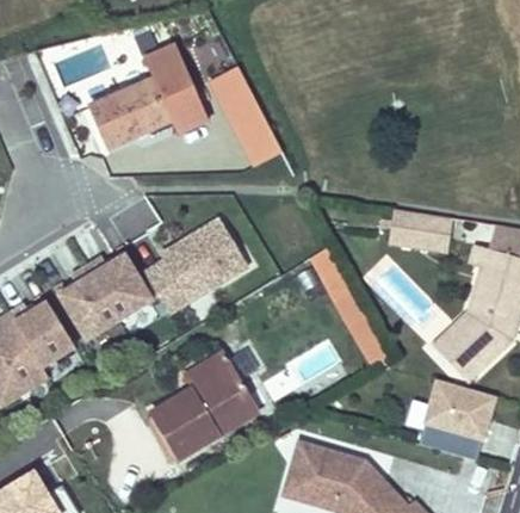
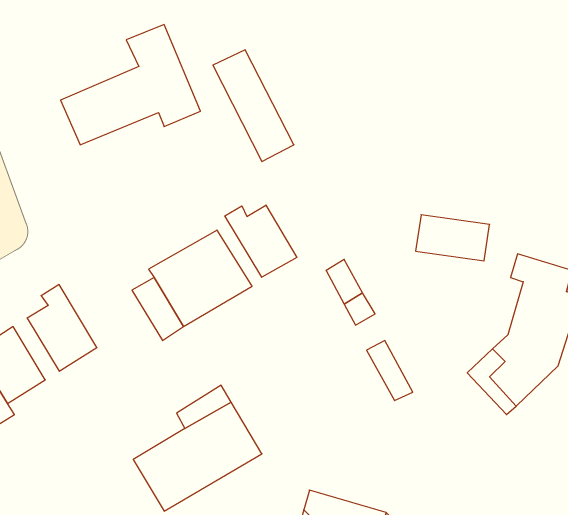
building: none -> [225,205,297,277]
building: [85,256,150,321] -> none
building: [421,383,496,447] -> none

